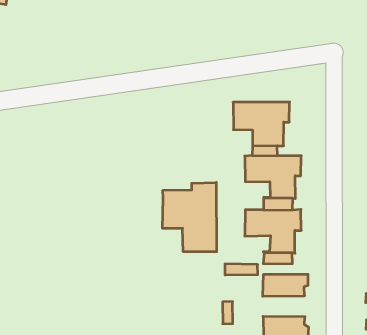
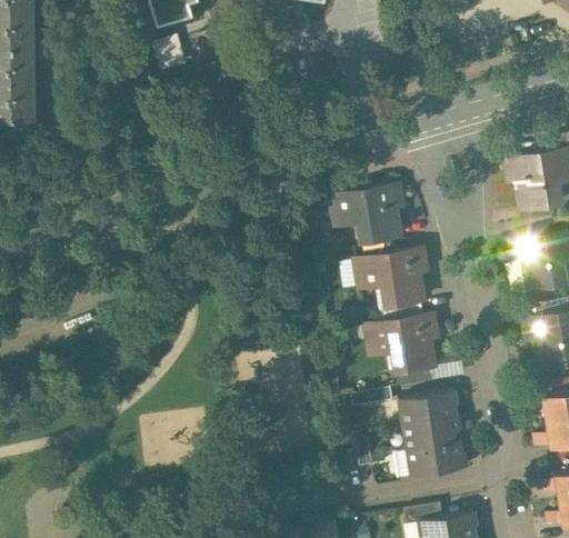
building: [163,182,217,252] -> none
building: none -> [403,417,461,451]

